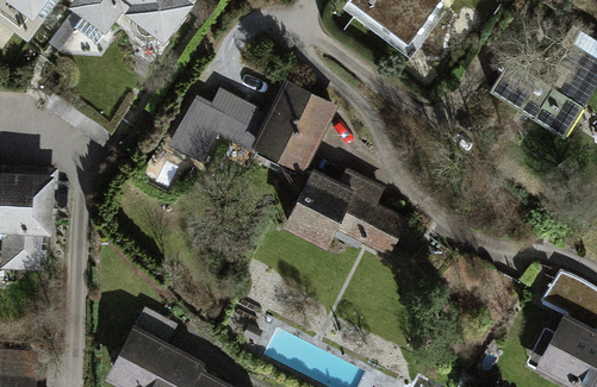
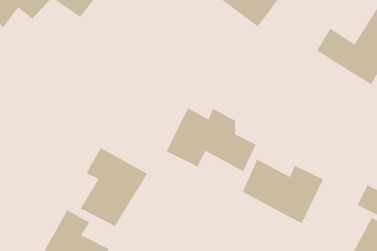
building: [167,79,336,171] -> none
building: none -> [80,147,148,227]
building: none -> [242,159,324,224]

